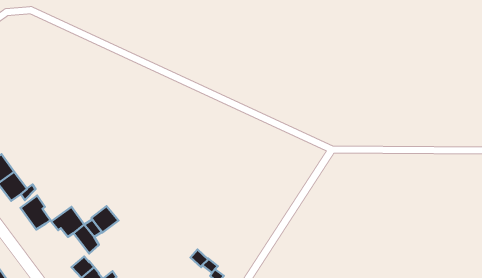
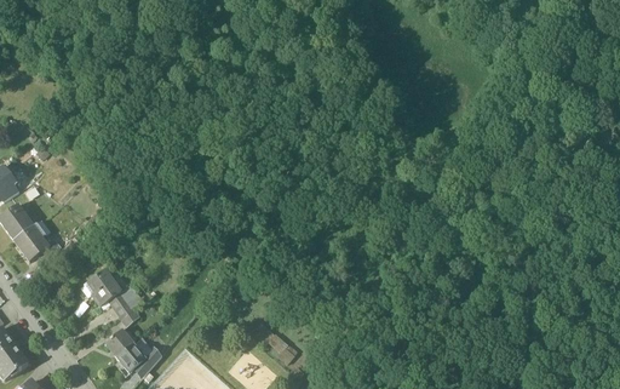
building: [20,196,50,229] -> none
building: [92,206,119,232] -> none

